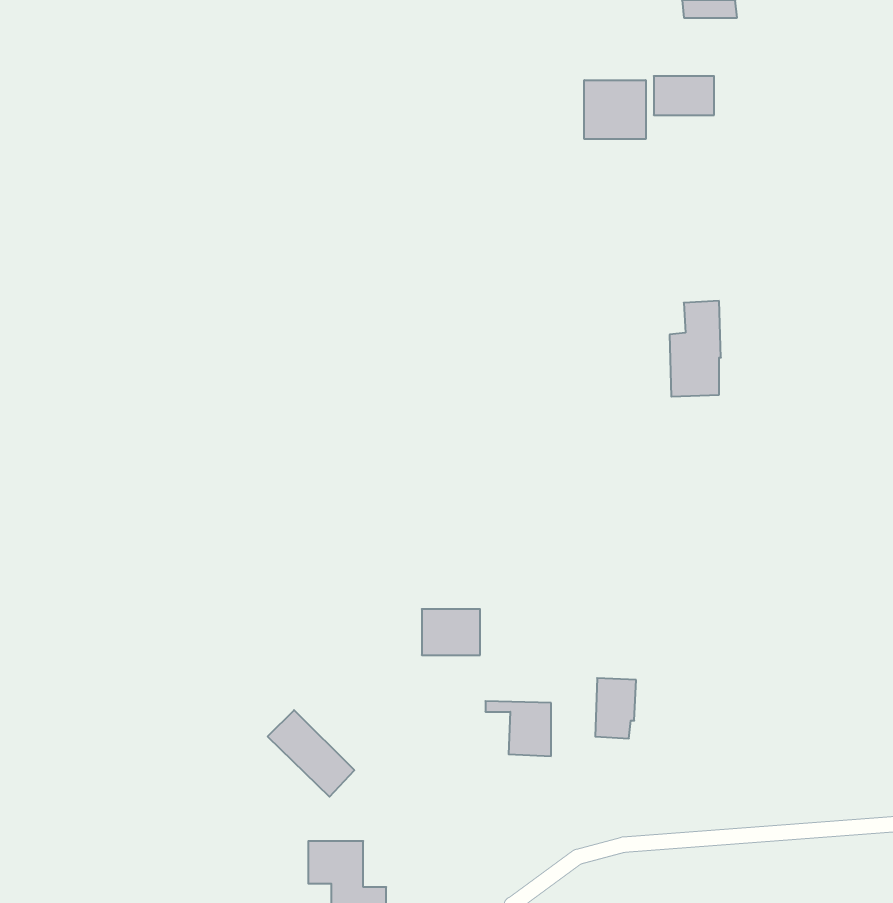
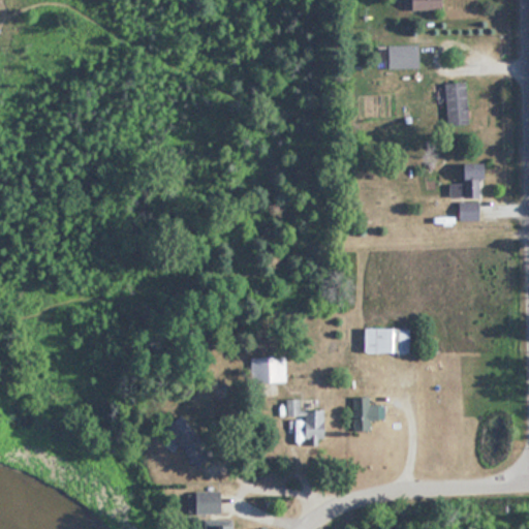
building: [584,80,646,139] -> none
building: none -> [448,83,468,125]
building: [670,301,721,397] -> [450,164,480,220]
building: none -> [364,329,410,353]

